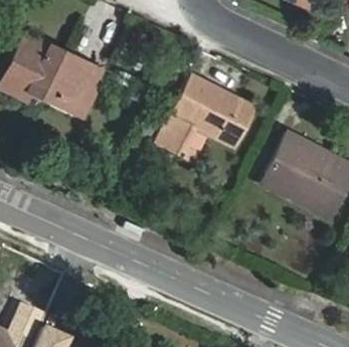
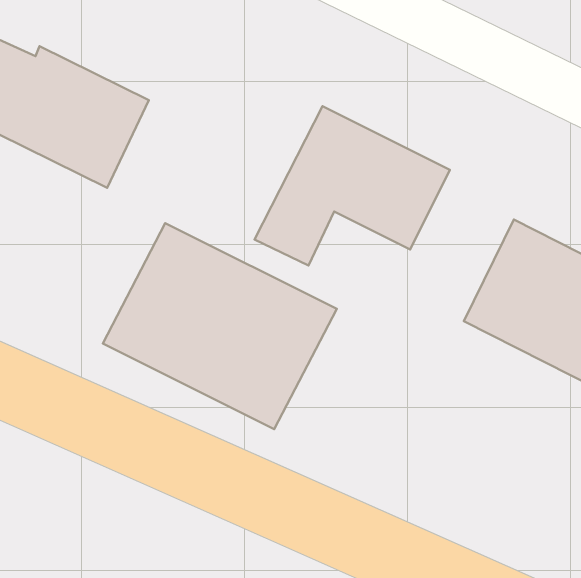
building: none -> [103,223,337,429]

